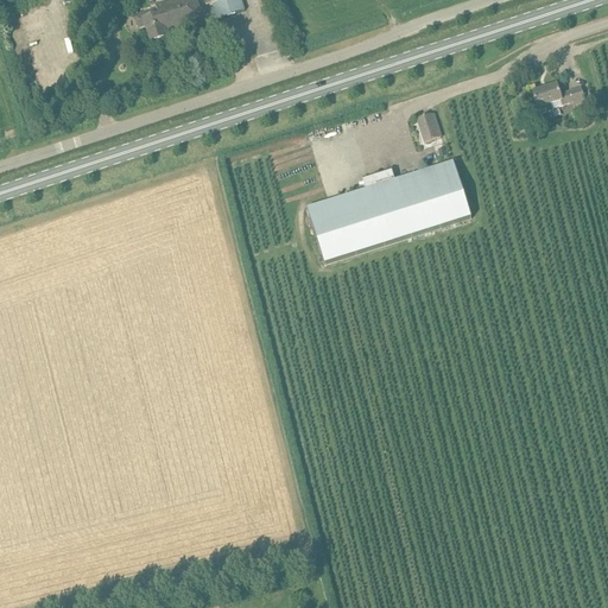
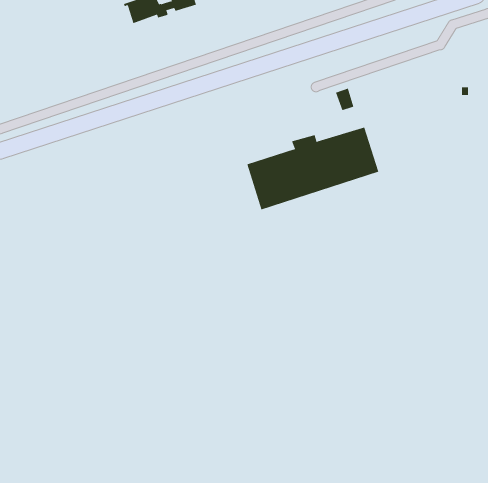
building: [134,5,166,38] -> none
building: [533,81,585,109] -> none

